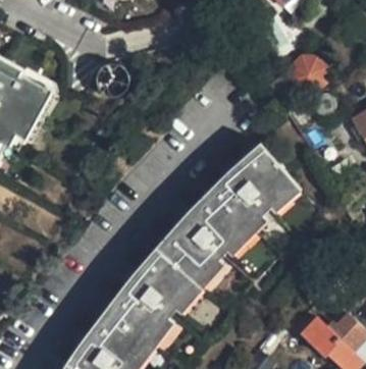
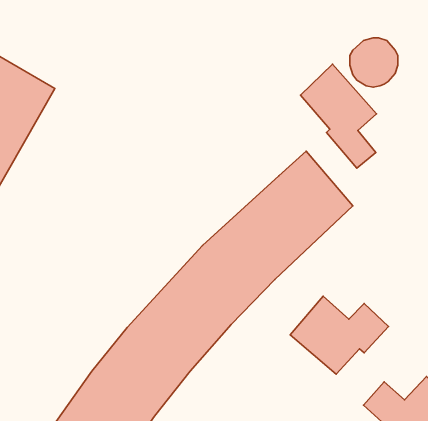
building: none -> [300,64,377,168]
building: none -> [290,296,389,374]

